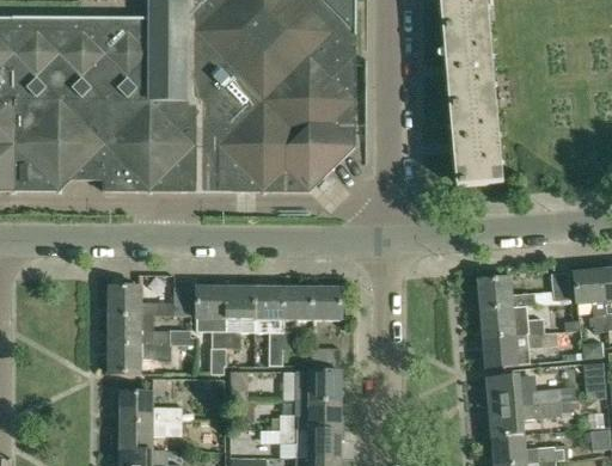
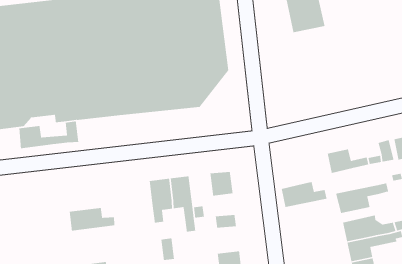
building: [451,103,504,185] -> none
building: [106,286,190,317] -> [18,121,79,149]
building: [195,286,224,348] -> none
building: [281,287,310,320] -> none
building: [479,305,543,337] -> [281,181,327,208]
building: [106,344,169,374] -> none
building: [294,372,338,400] -> none

